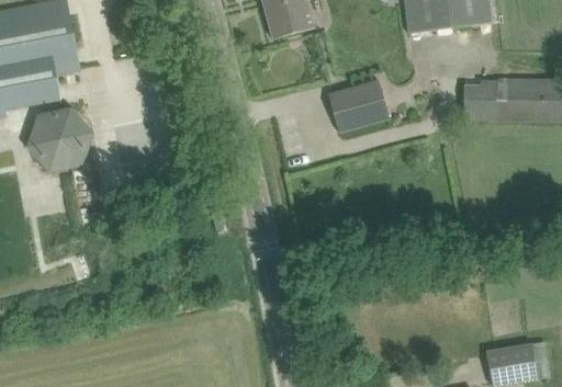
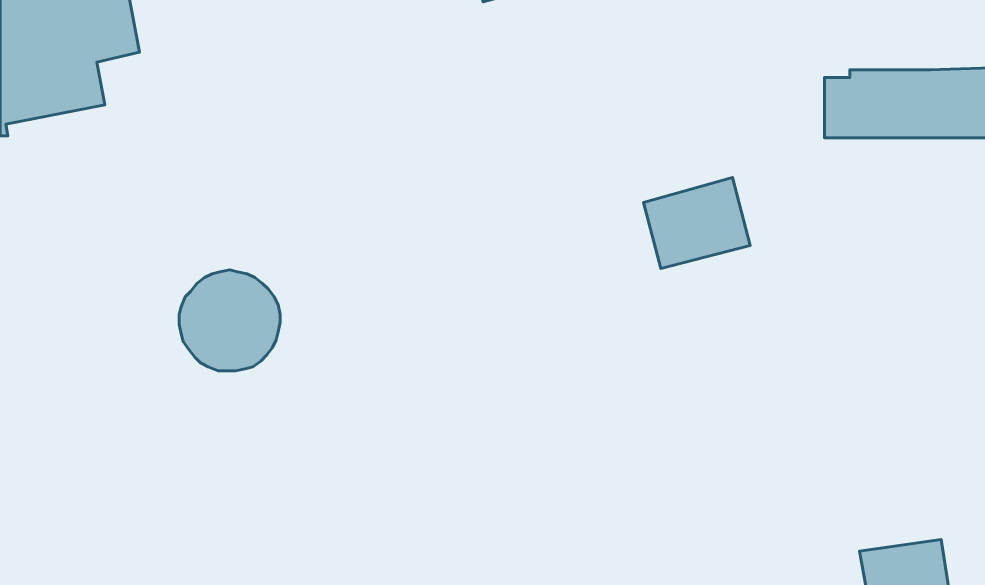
building: [328,79,389,130] -> [643,177,750,269]
building: [32,111,89,168] -> [179,270,280,371]

